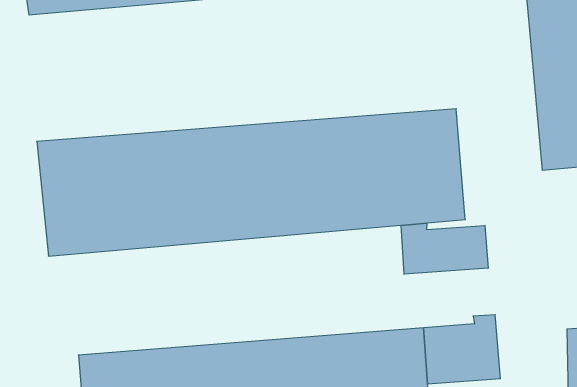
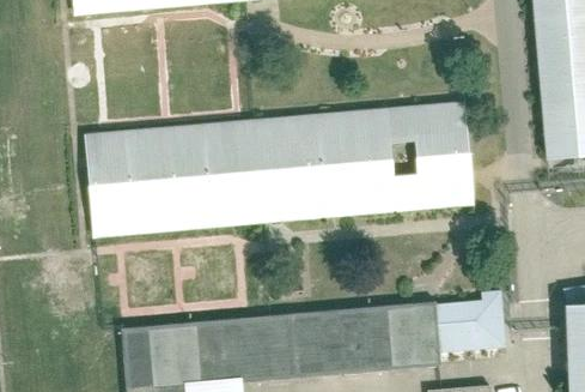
building: [401,223,488,274] -> none

